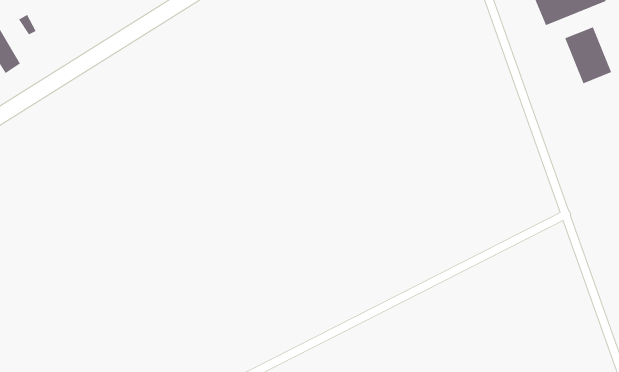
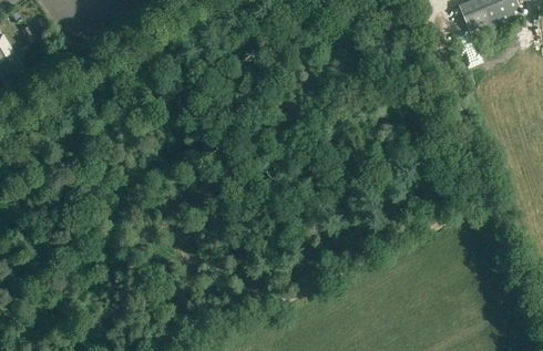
building: [564,26,612,84] -> none

